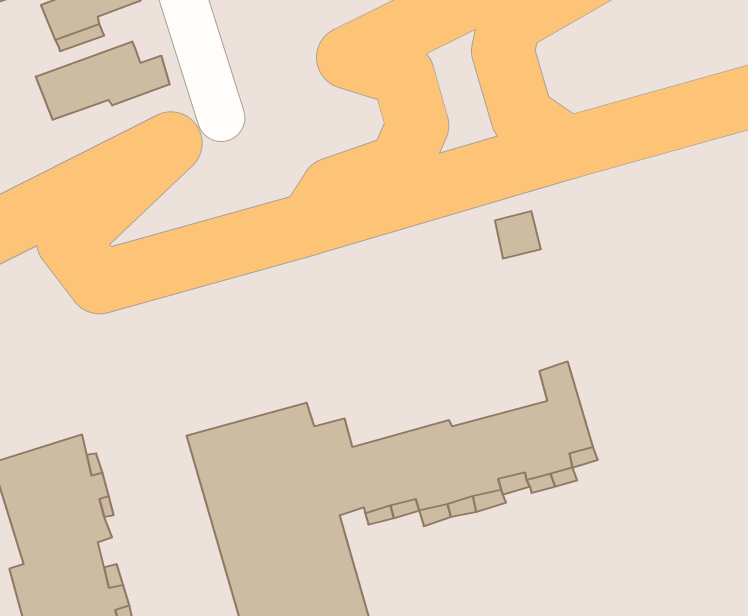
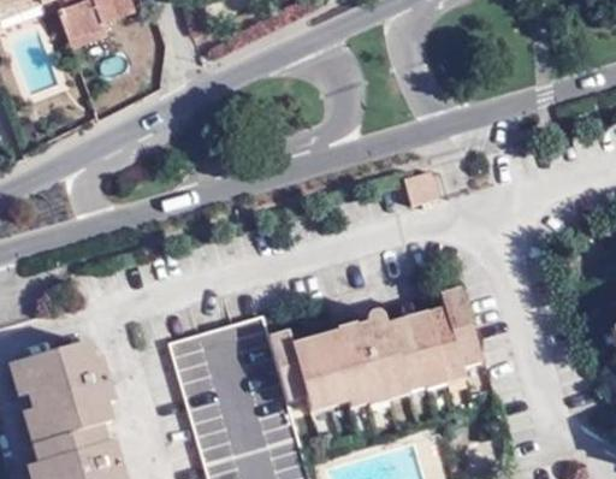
building: [36,41,170,120] -> none

